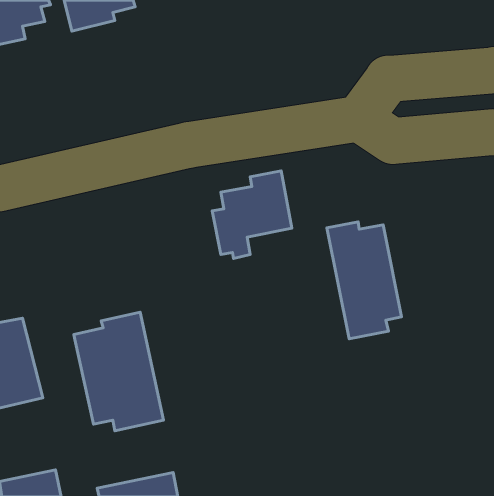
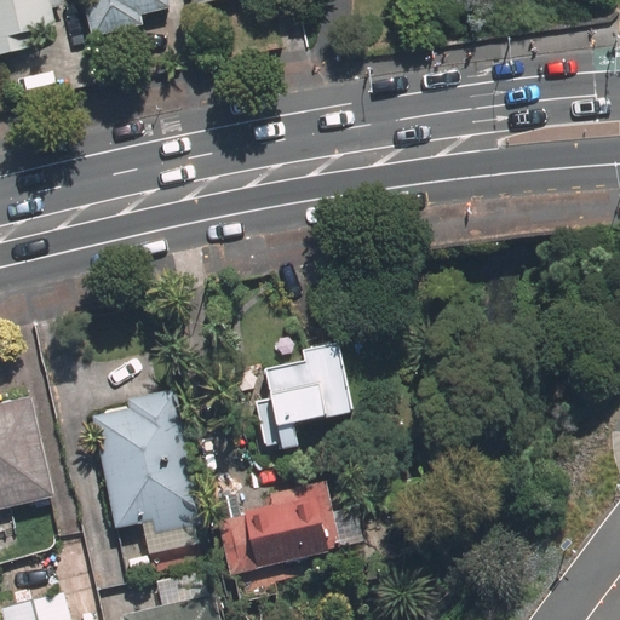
building: [212,171,292,258] -> [252,343,351,452]
building: [327,222,402,339] -> none
building: none -> [216,475,338,572]

